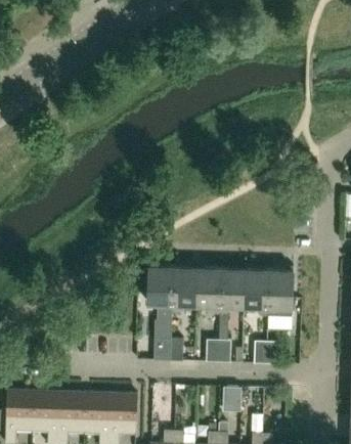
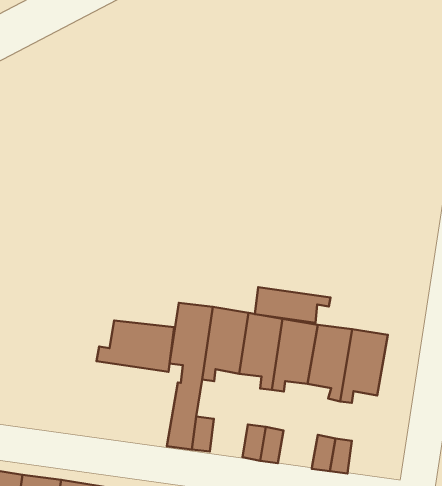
building: none -> [255,287,331,323]
building: none -> [97,321,174,372]

